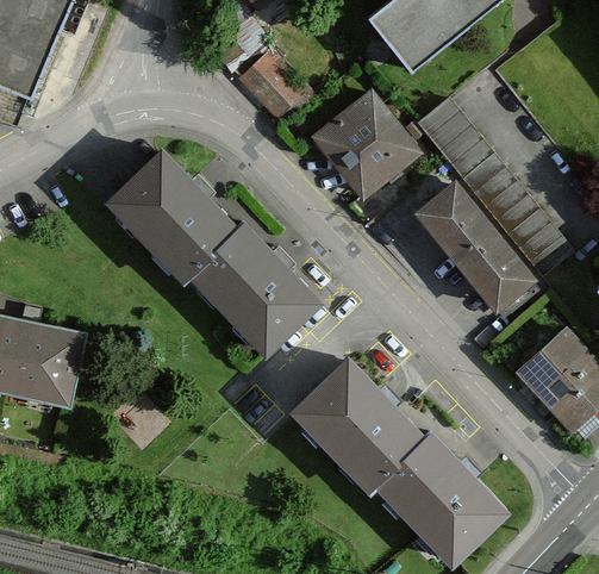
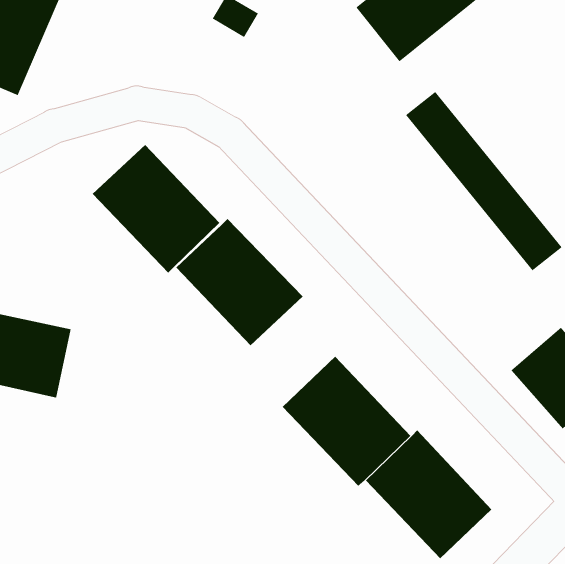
building: [241,56,316,120] -> none
building: [316,93,416,195] -> none
building: [416,181,538,317] -> none

